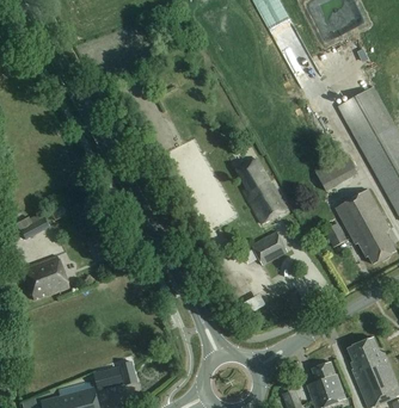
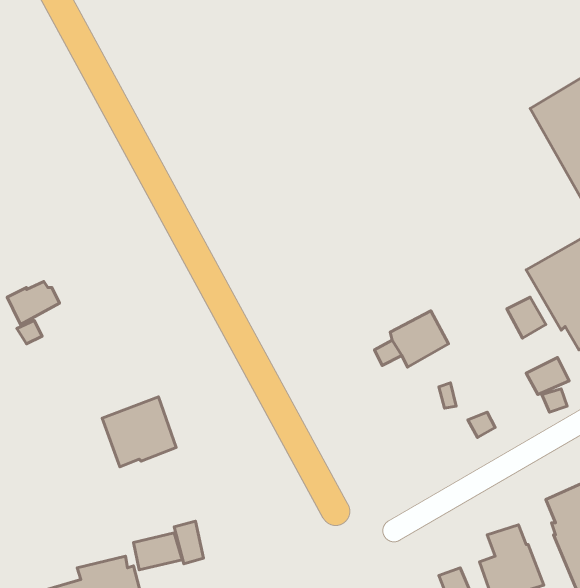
building: [238,157,290,222] -> none
building: [22,256,67,299] -> [102,397,176,467]

